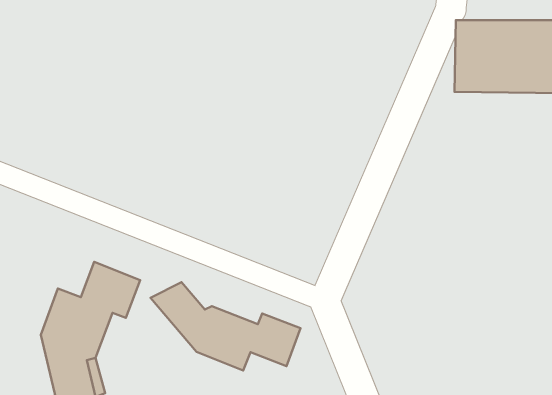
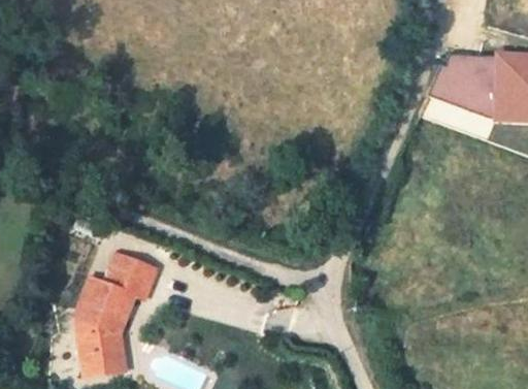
building: [151,282,301,371] -> none

